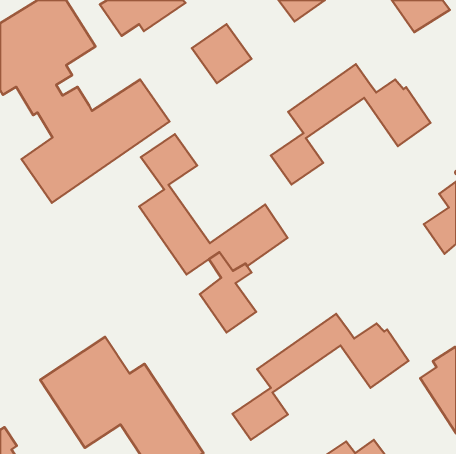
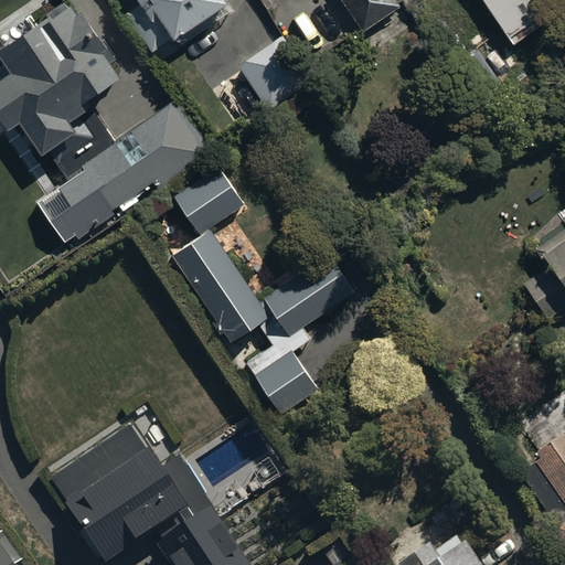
building: [271,64,430,185] -> none
building: [233,314,408,440] -> none

